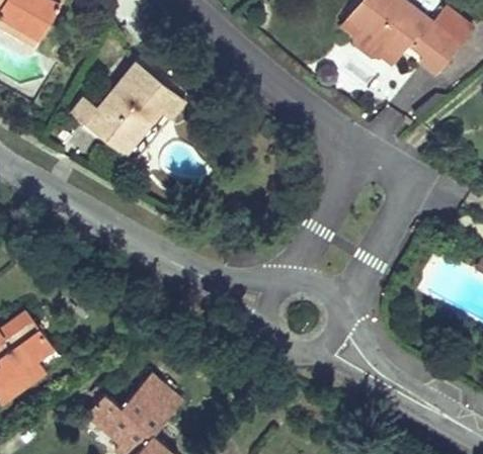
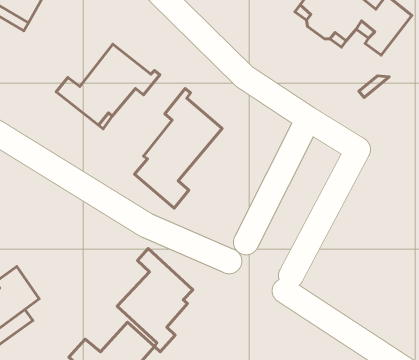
building: none -> [134,89,222,208]
building: none -> [117,249,193,352]

